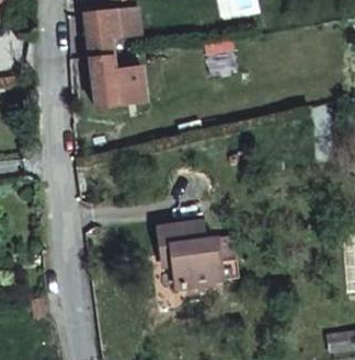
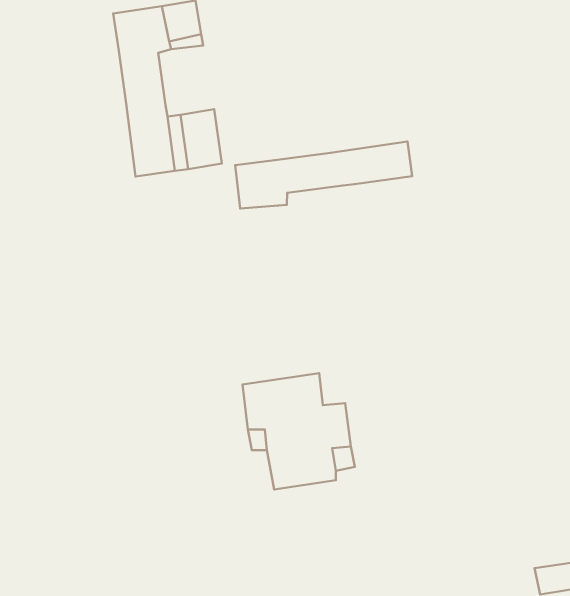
building: none -> [235,141,412,208]

